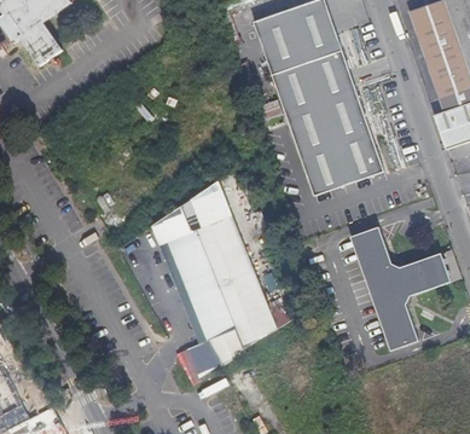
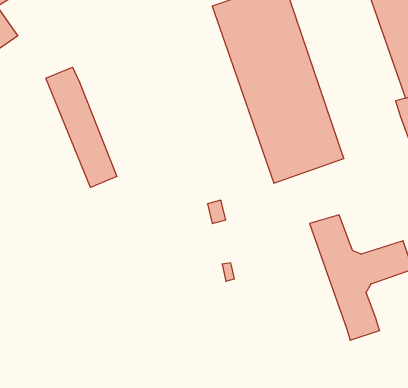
building: none -> [46,67,117,187]
building: [157,178,277,365] -> none

